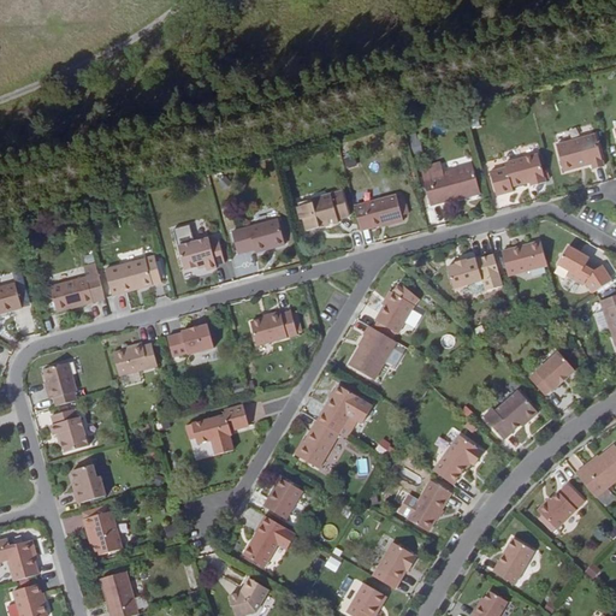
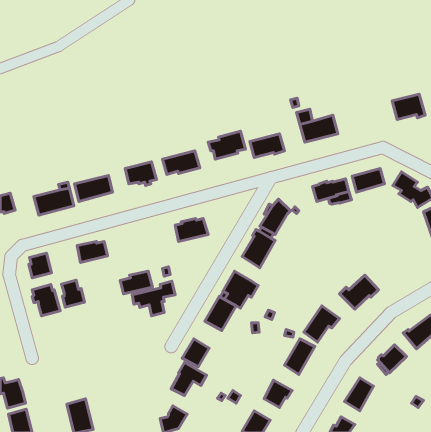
building: [498,155,547,194] -> none
building: [168,324,214,356] -> [120,271,152,294]
building: [529,354,574,397] -> none
building: [72,461,105,499] -> [62,280,84,307]
building: [83,507,120,552] -> none

